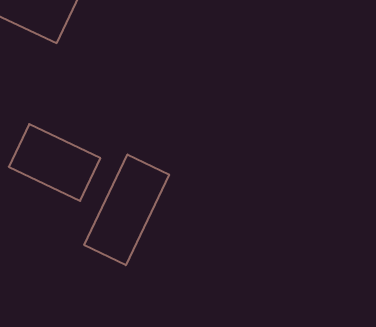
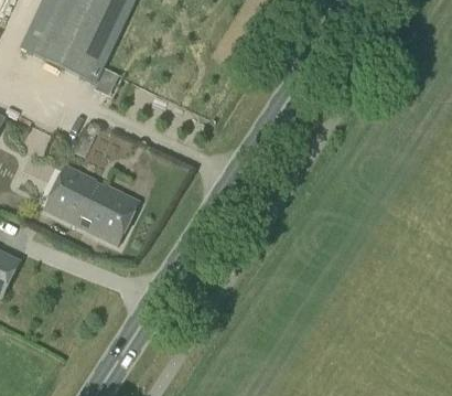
building: [84,154,169,265] -> none

